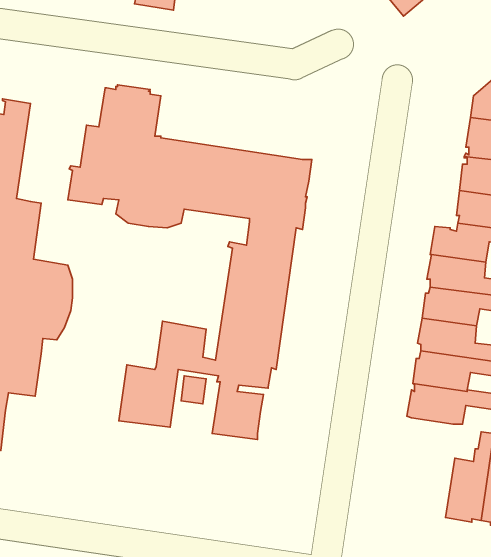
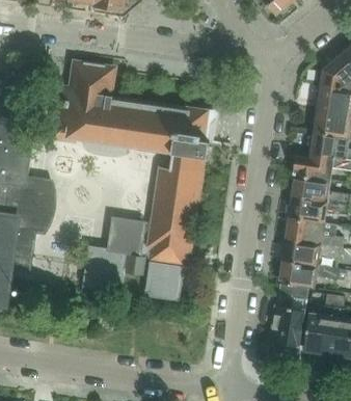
building: none -> [270,284,307,350]

